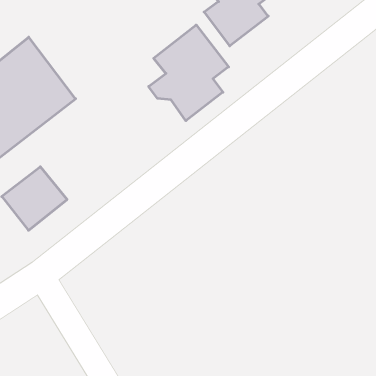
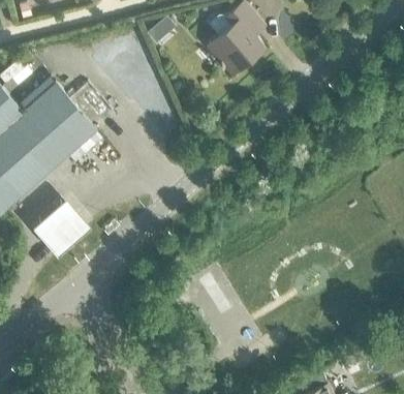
building: [149,25,229,121] -> none

